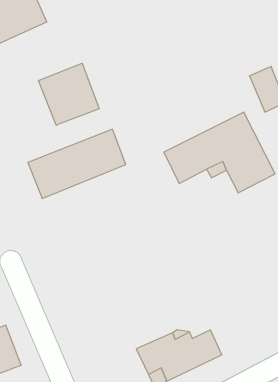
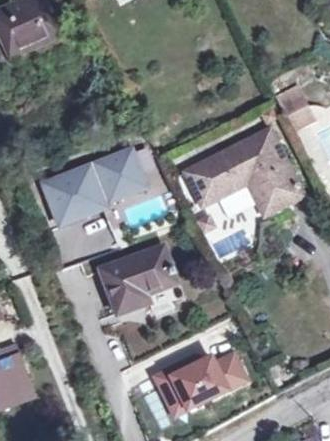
building: [39,63,99,125] -> none
building: none -> [101,245,177,313]

